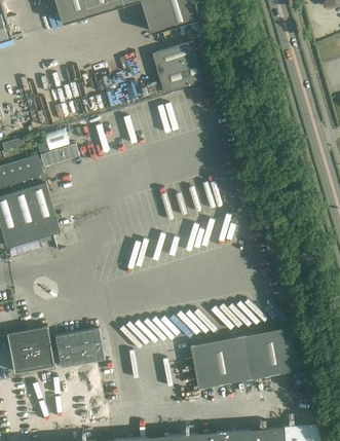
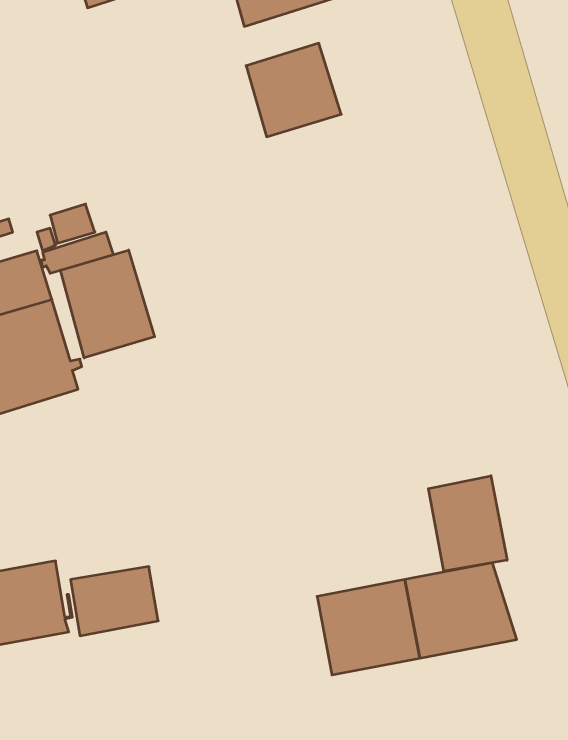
building: none -> [60,250,155,358]
building: none -> [428,476,507,571]

